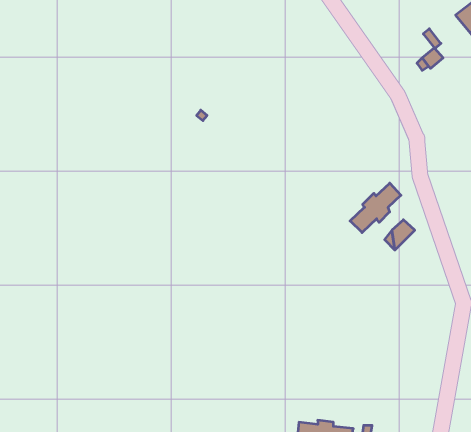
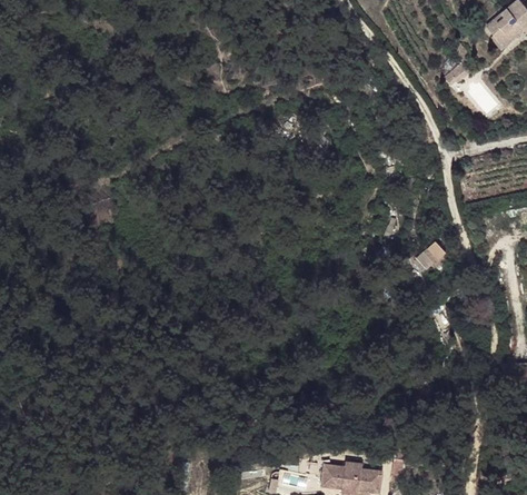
building: [350,183,401,233] -> none

